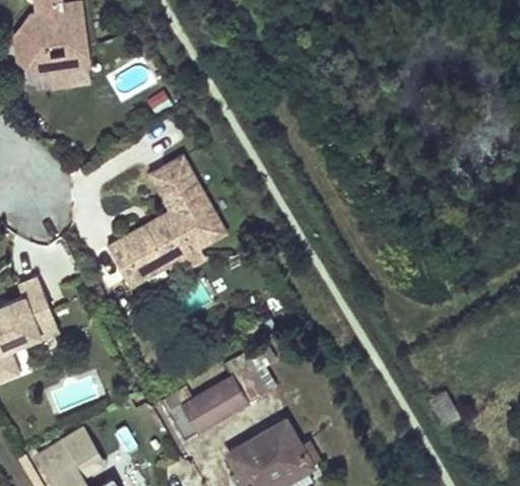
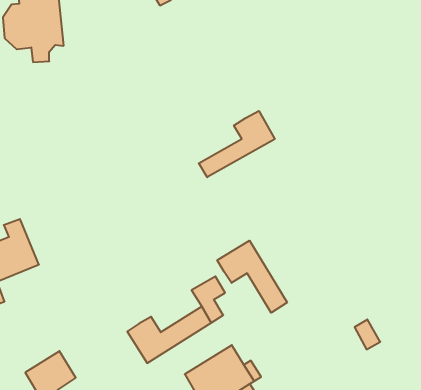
building: none -> [199,111,275,177]
building: [108,147,223,280] -> none
building: none -> [217,241,287,313]

